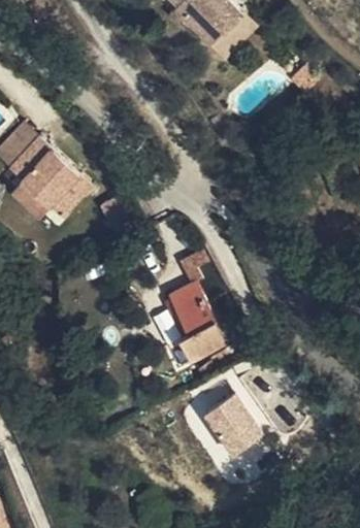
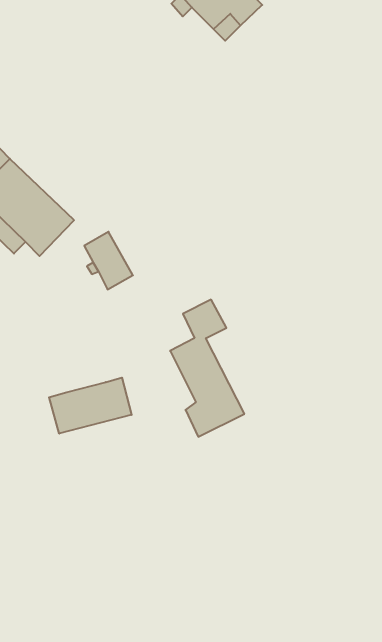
building: none -> [49,378,132,434]
building: [199,398,261,462] -> none

